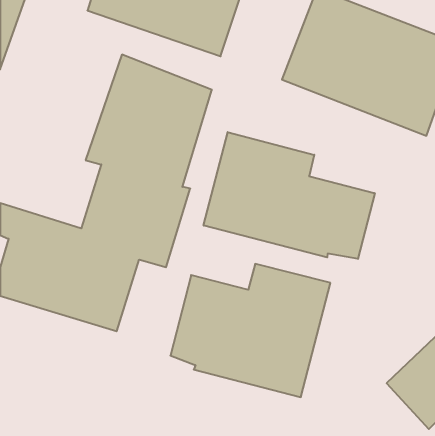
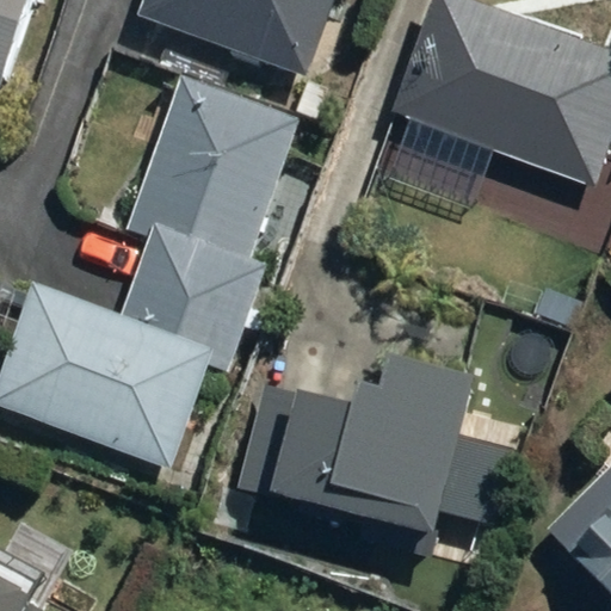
building: [204,132,375,259] -> none

